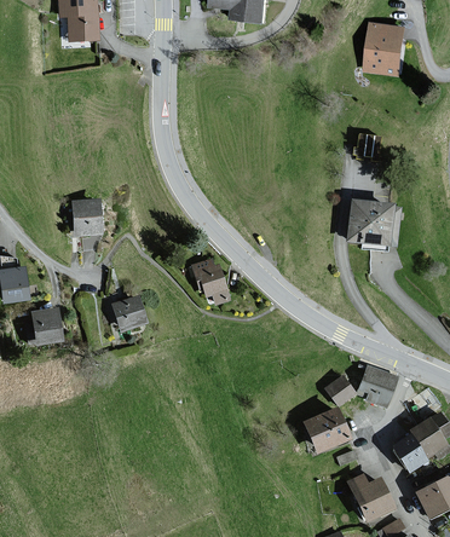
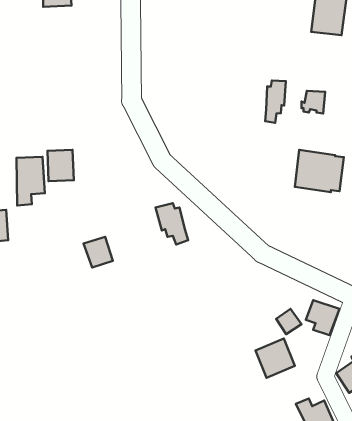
building: none -> [265,81,286,123]
building: none -> [16,157,45,206]
building: [25,308,60,343] -> none

